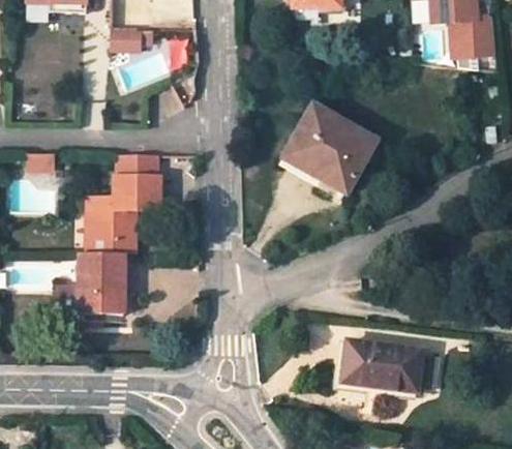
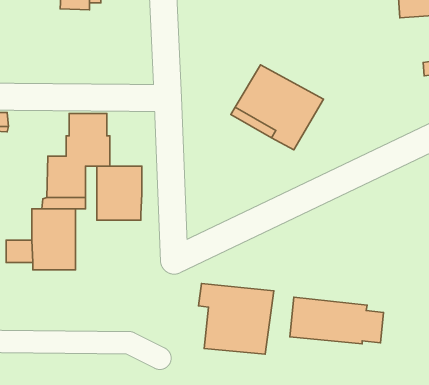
building: none -> [97,166,142,220]
building: none -> [198,284,274,354]

